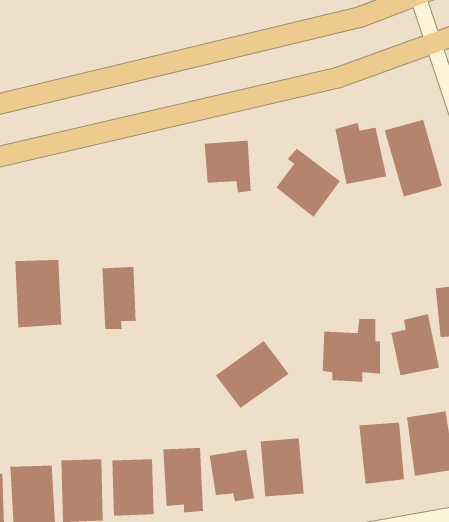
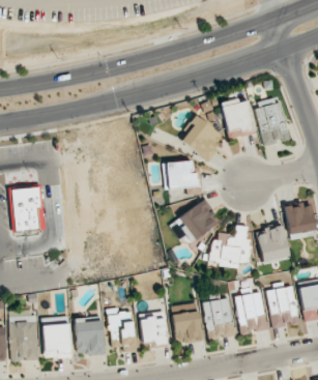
building: [204,140,252,193] -> [166,160,197,195]
building: [102,266,136,330] -> none
building: [215,340,290,409] -> [172,200,221,244]
building: none -> [203,298,235,339]

